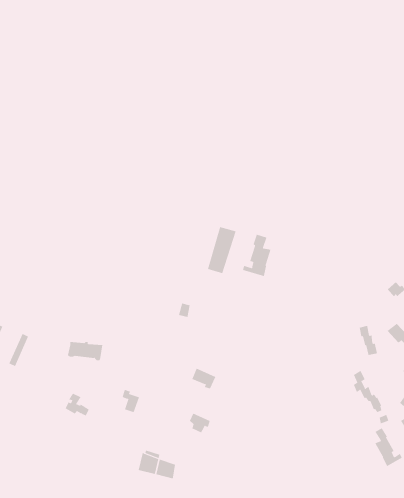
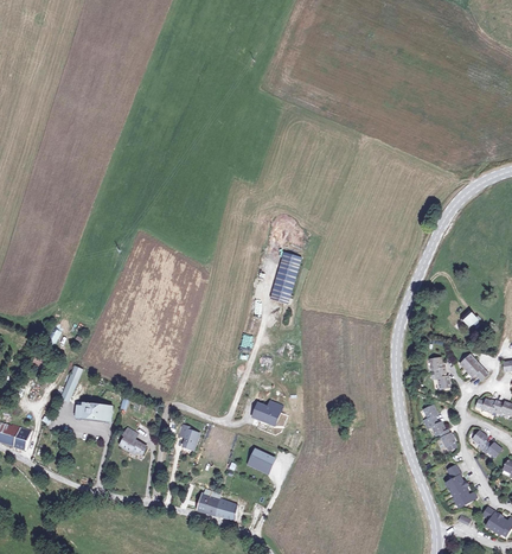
building: [243,234,271,277] -> none
building: [67,342,103,361] -> [75,402,113,422]

